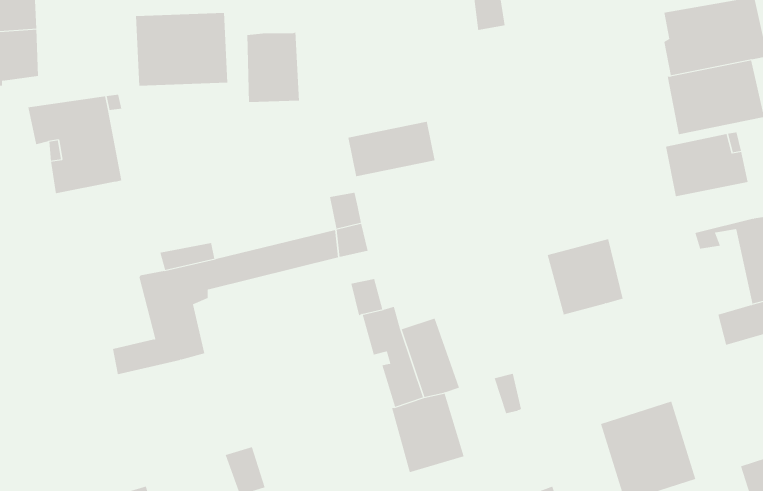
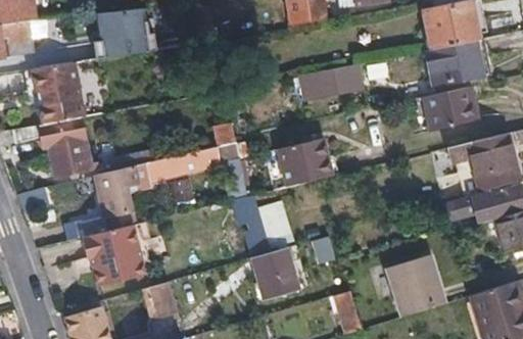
building: [247,32,299,103] -> none
building: [347,121,436,177] -> [305,63,361,98]
building: none -> [12,116,96,178]
building: [547,238,624,315] -> [277,139,325,187]
building: none -> [81,223,147,286]

